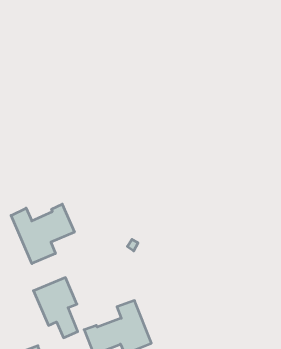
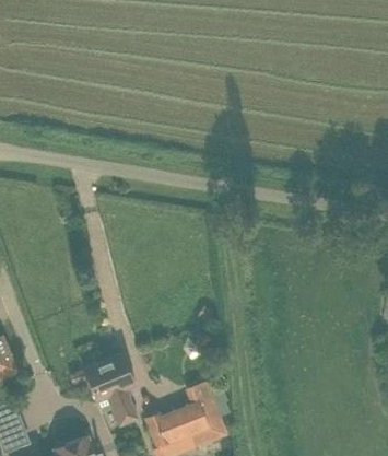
building: [11,204,74,264] -> none

